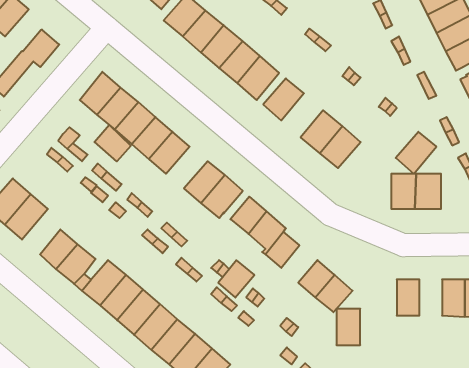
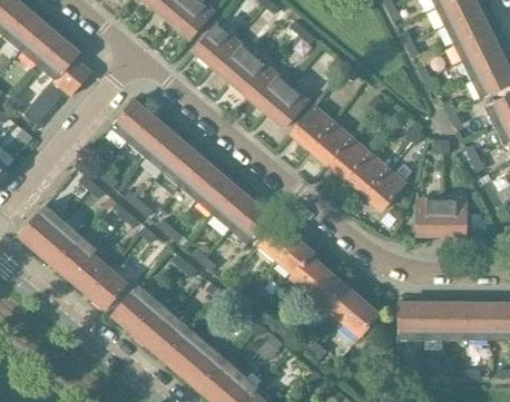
building: none -> [37,38,78,79]
building: none -> [308,120,350,164]
building: [94,125,131,161] -> none
building: [396,132,436,174] -> [364,168,404,209]
building: none -> [195,173,236,214]
building: none -> [53,234,97,278]
building: [218,260,254,298] -> [308,269,344,306]
building: none -> [444,303,467,339]
building: [336,309,360,345] -> [399,303,422,339]

